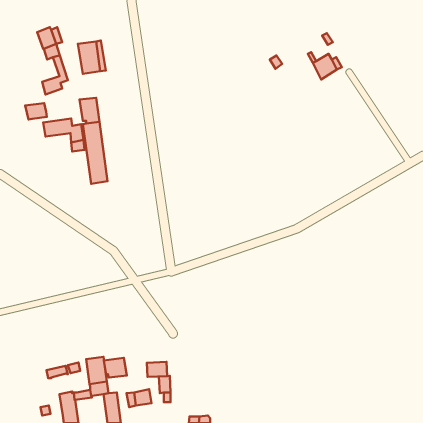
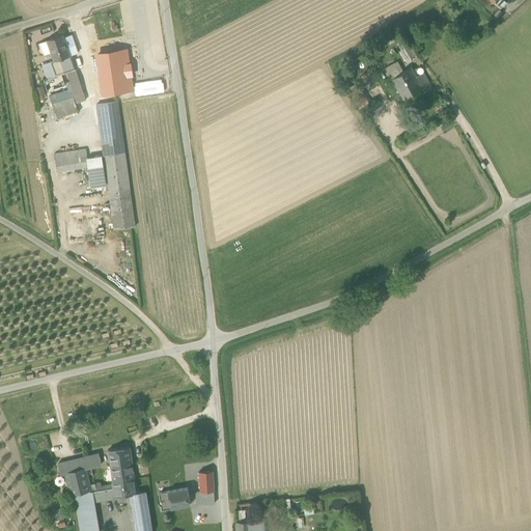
building: none -> [96,102,120,124]
building: [25,103,47,120] -> none
building: [104,358,127,378] -> none
building: [147,362,167,377] -> none
building: none -> [64,468,90,496]

